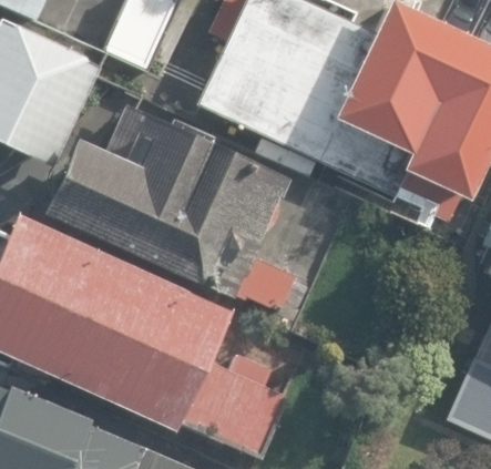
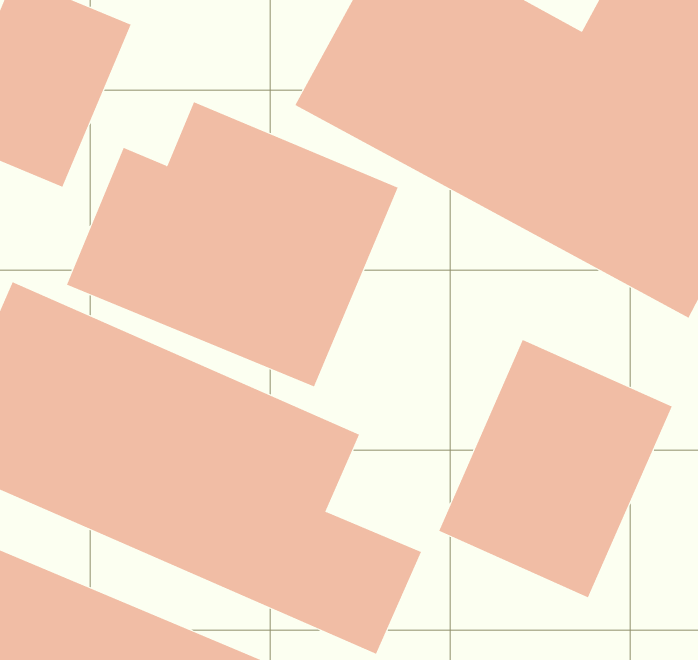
building: none -> [438,339,672,598]

